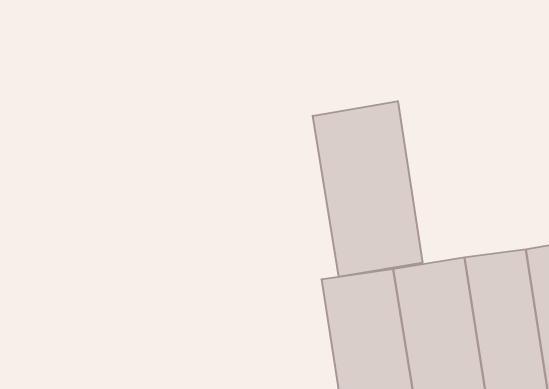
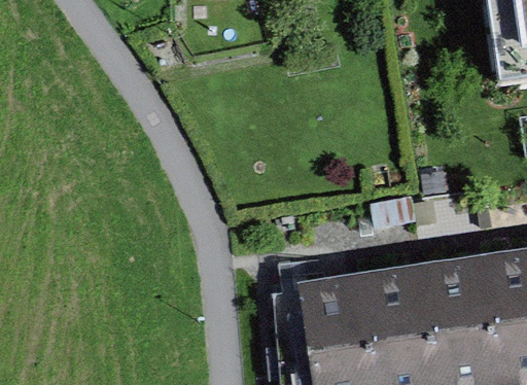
building: [313,101,422,277] -> none

